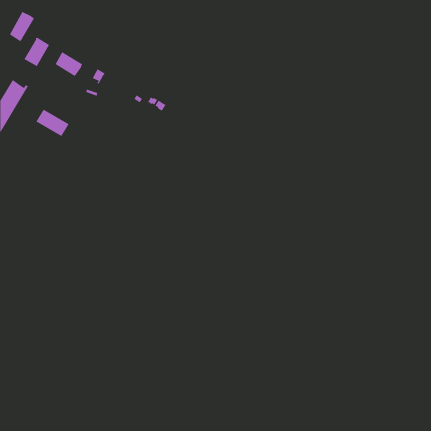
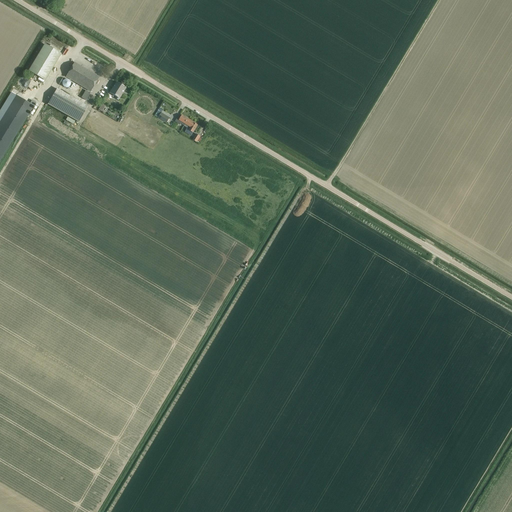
building: [9,11,34,42] -> none
building: [36,109,69,137] -> [47,88,87,121]

